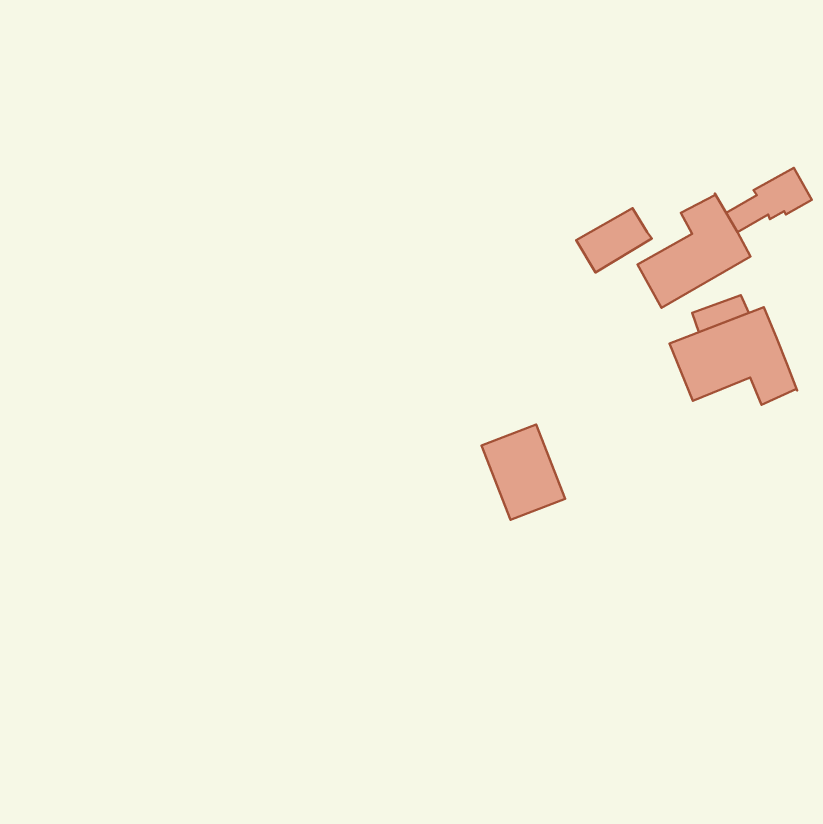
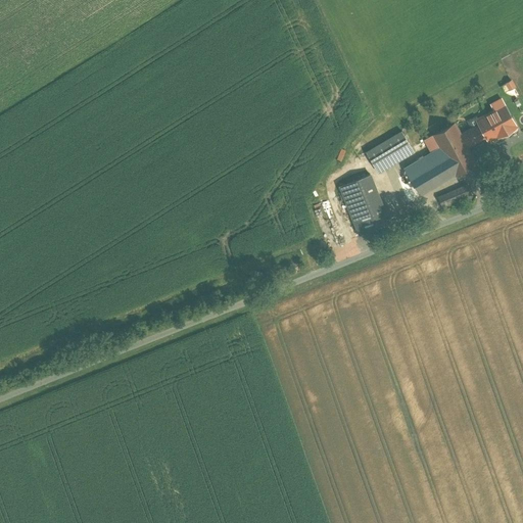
building: [670,307,797,405] -> none
building: [481,425,565,520] -> [339,176,392,236]

